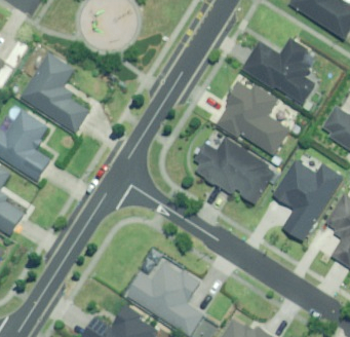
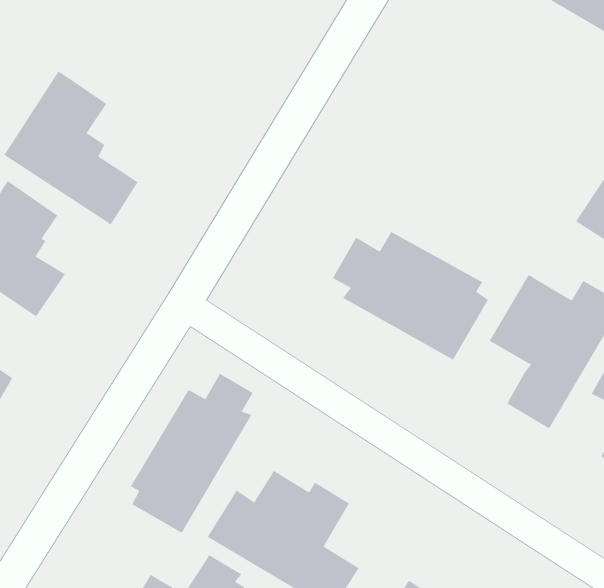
building: [241,35,318,104] -> none
building: [215,82,291,153] -> none
building: none -> [130,373,254,533]

